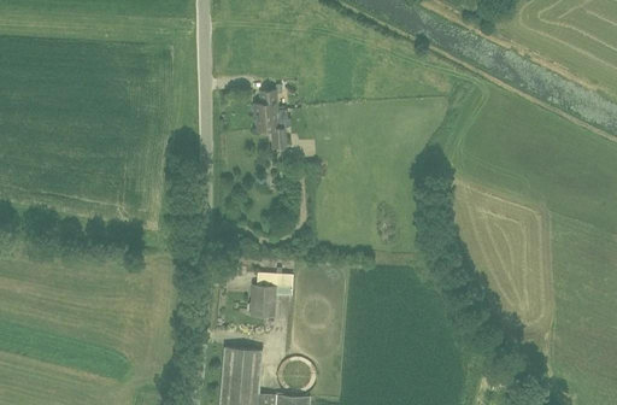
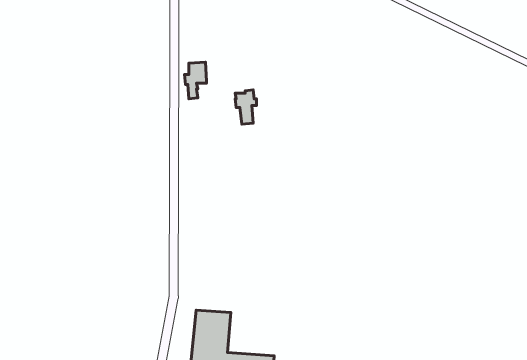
building: [254,90,278,130] -> [184,62,207,99]
building: [249,272,293,317] -> none

